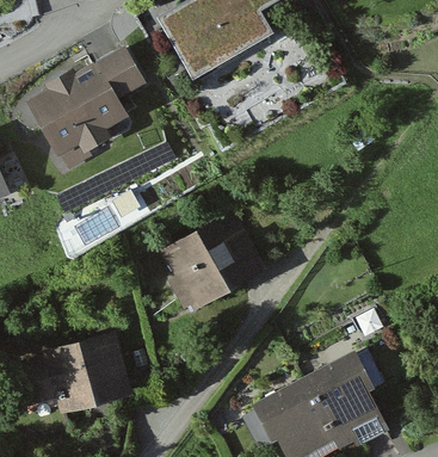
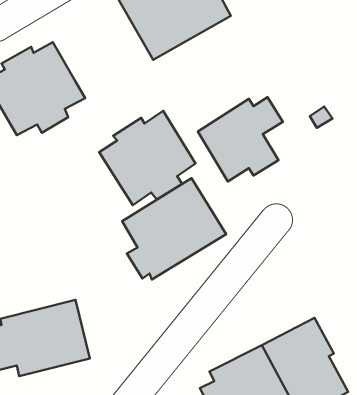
building: [93,49,146,106] -> none
building: none -> [198,97,283,182]
building: none -> [99,111,196,205]

